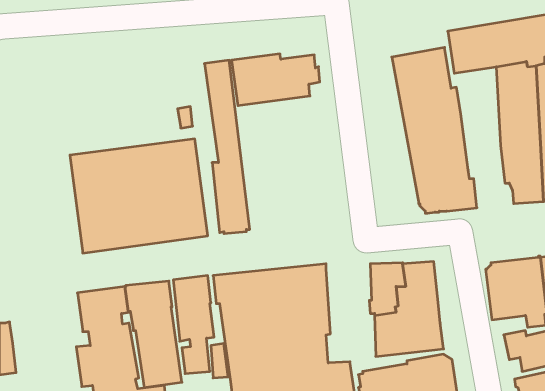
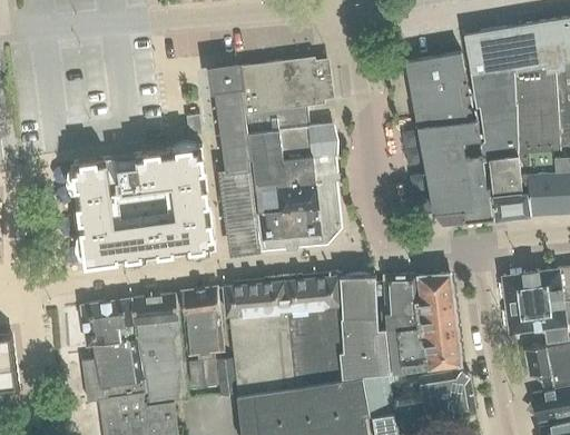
building: none -> [471,73,532,219]
building: none -> [246,106,332,240]
building: none -> [341,278,390,377]

